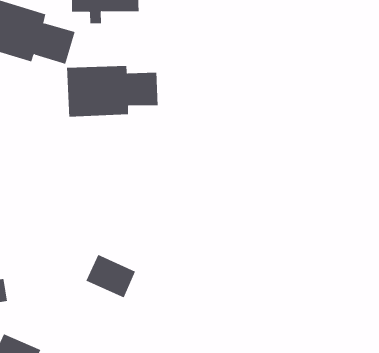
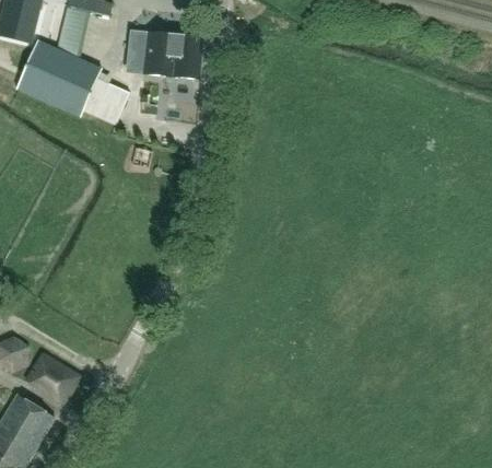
building: [66,65,158,117] -> none
building: [85,254,136,298] -> [25,353,79,402]

